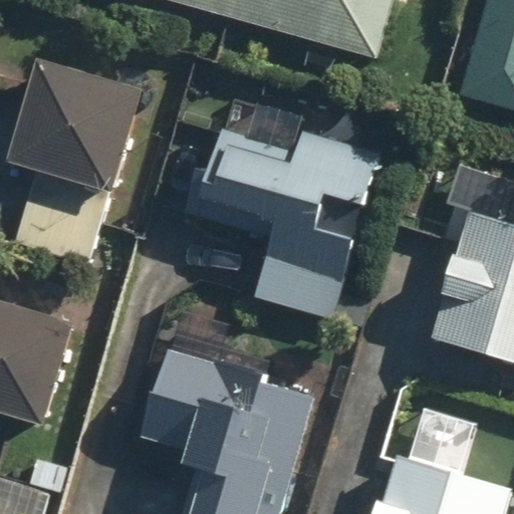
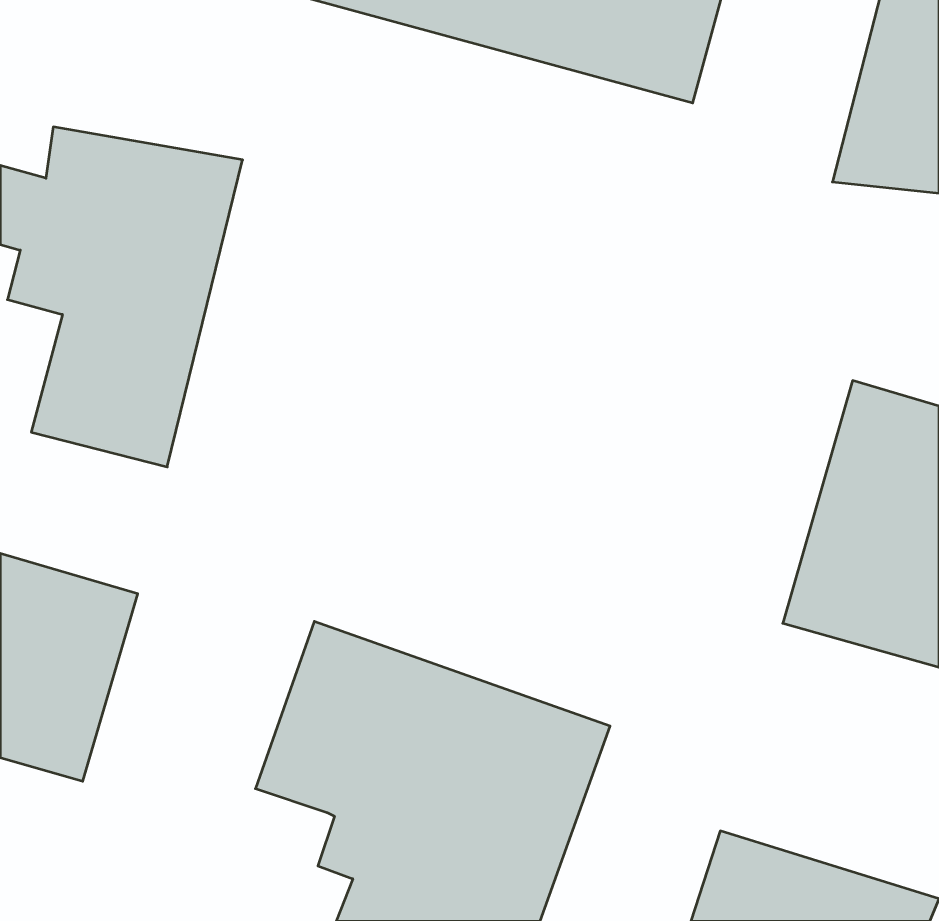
building: [192,127,379,312] -> none

